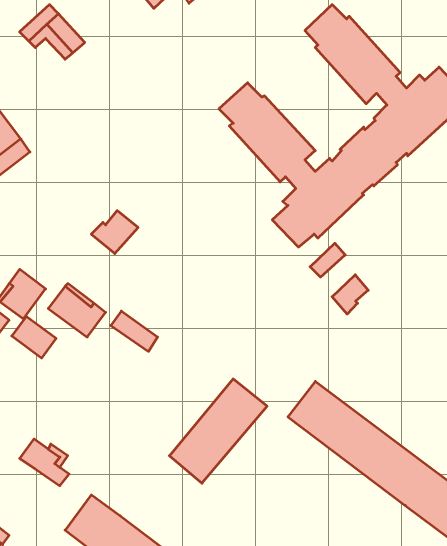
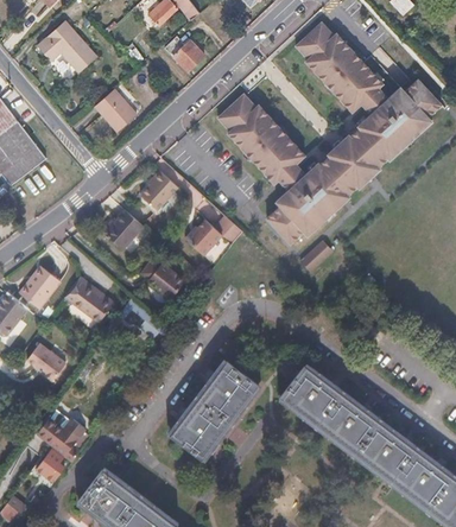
building: none -> [164,38,204,71]
building: none -> [94,88,137,132]
building: none -> [140,170,178,210]
building: none -> [185,208,243,255]
building: none -> [141,256,185,299]
building: [332,275,368,314] -> none
building: [12,316,56,358] -> [25,343,65,381]
building: none -> [34,449,63,482]

